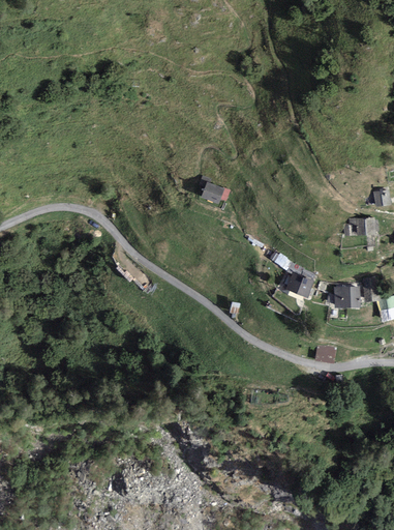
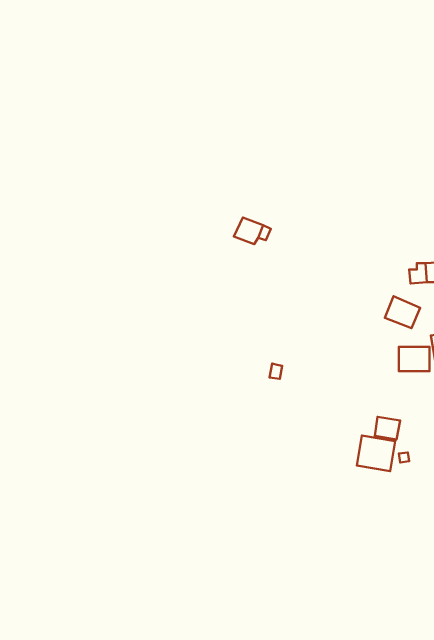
building: [285,271,314,297] -> [385,296,420,328]
building: none -> [357,436,395,471]

